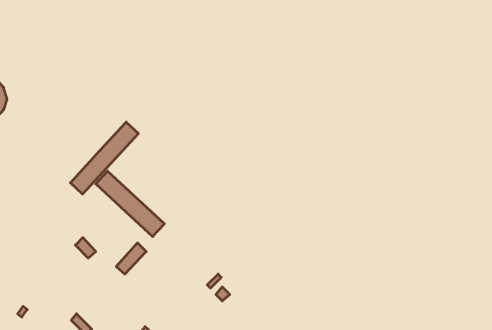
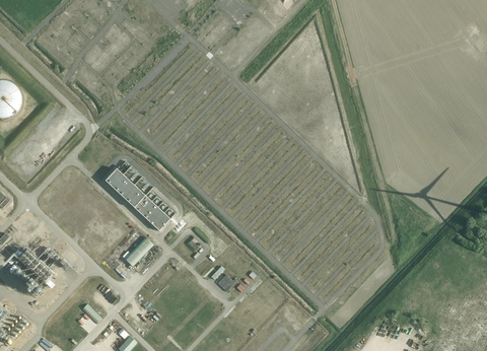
building: [70,122,138,194] -> none

